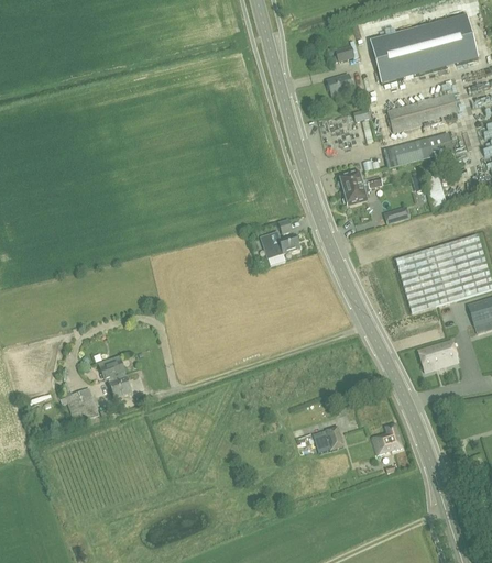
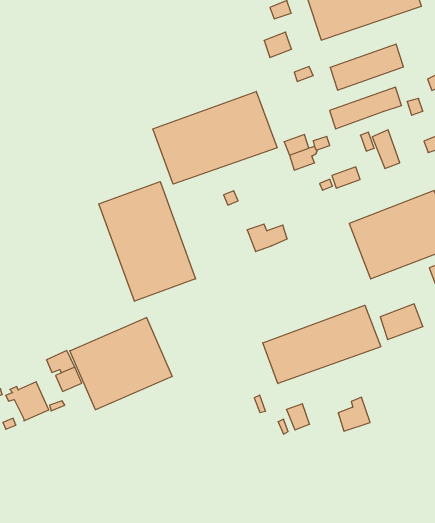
building: none -> [153,91,277,184]
building: none -> [99,182,196,301]
building: [261,231,298,256] -> [247,224,287,252]
building: none -> [70,317,172,410]
building: none -> [263,305,381,384]

